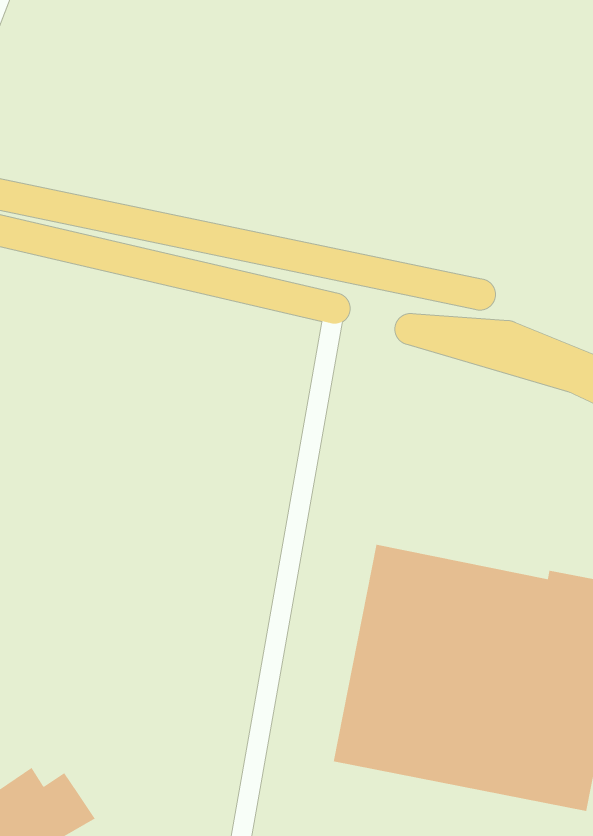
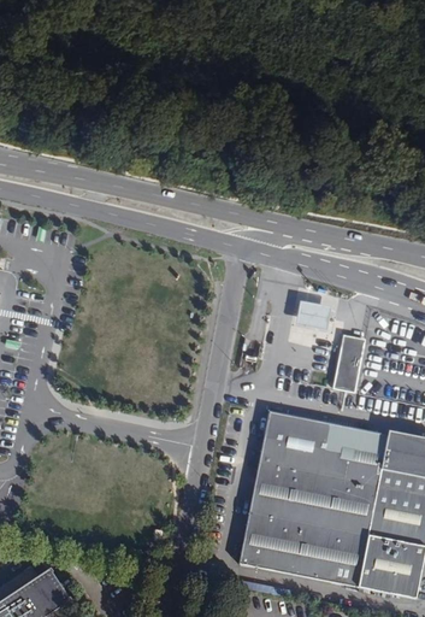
building: none -> [296,302,331,331]
building: none -> [332,335,365,393]

